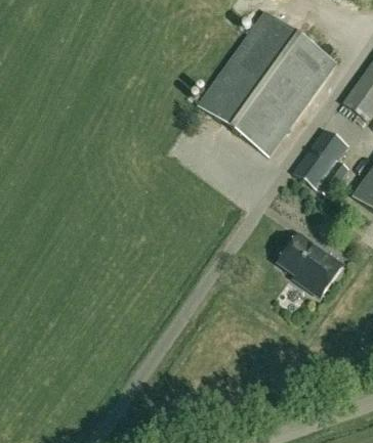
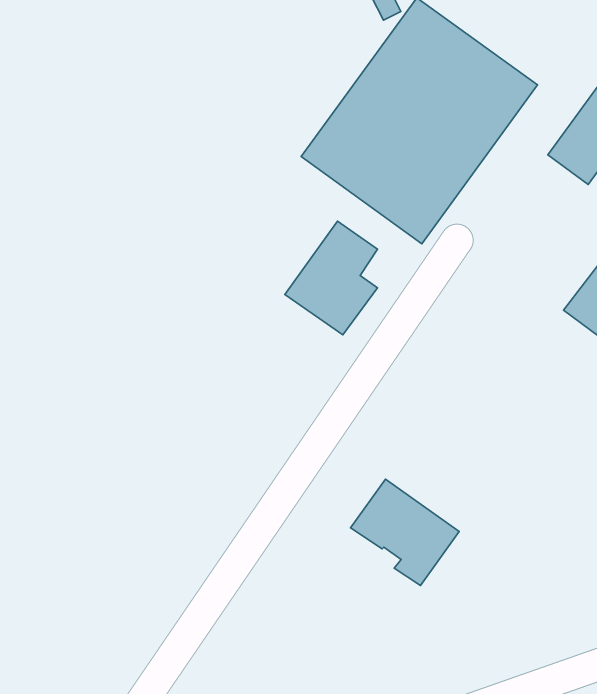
building: [294,127,348,193] -> [285,221,378,335]
building: [280,231,343,294] -> [351,479,459,586]

